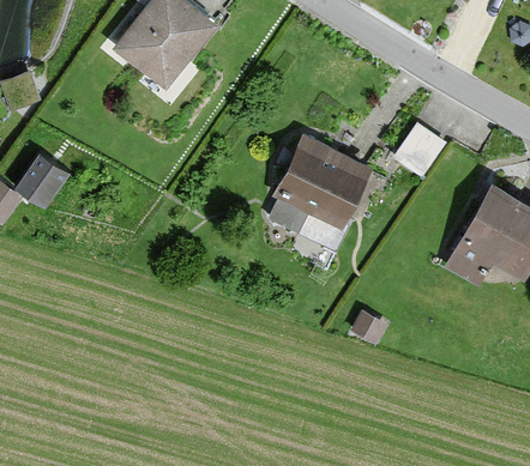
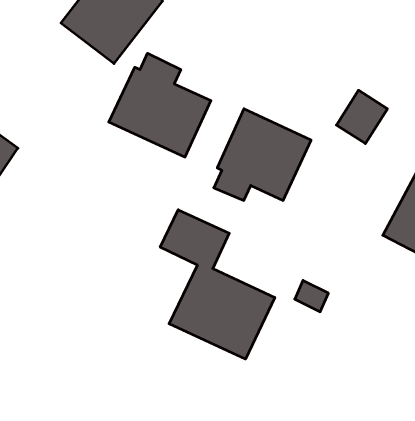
building: none -> [109,53,211,157]
building: none -> [160,210,275,359]

